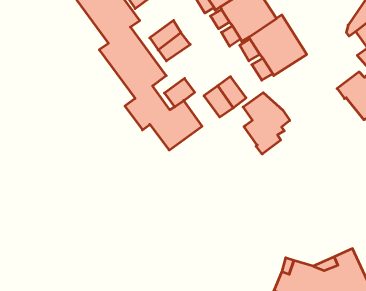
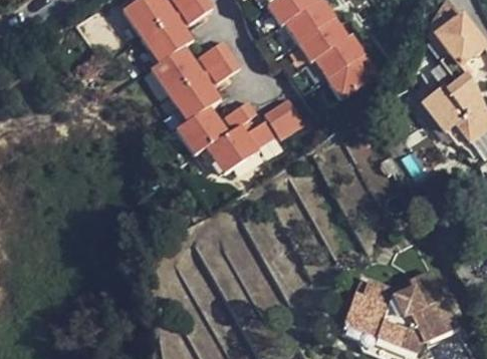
building: [243,93,290,154] -> none

